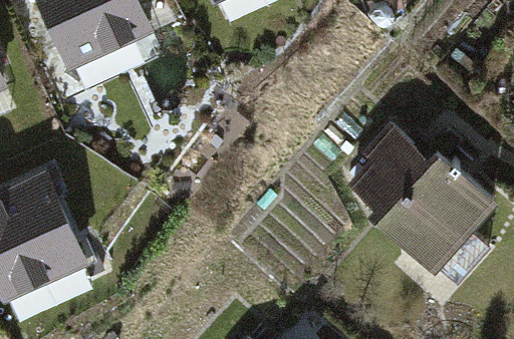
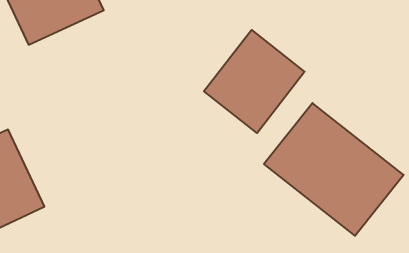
building: none -> [204,30,305,133]

